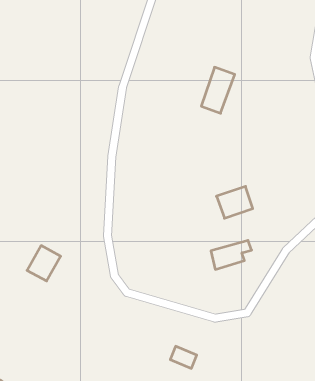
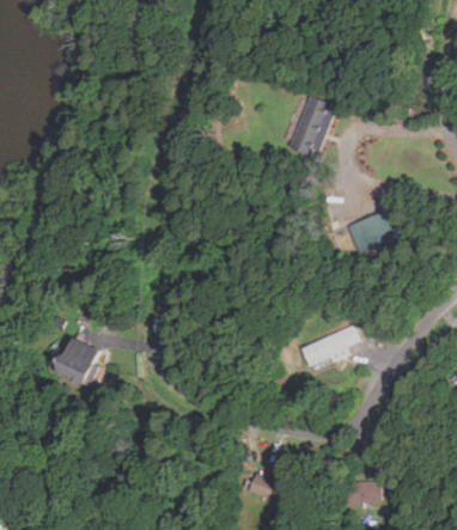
building: [216,186,253,218] -> [348,211,397,254]
building: none -> [341,481,380,502]

